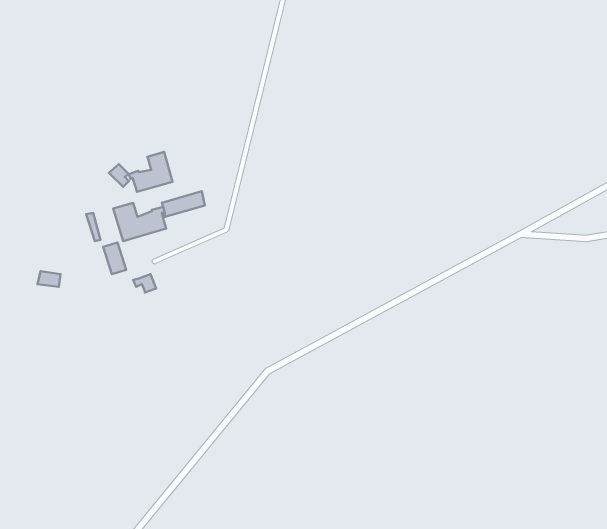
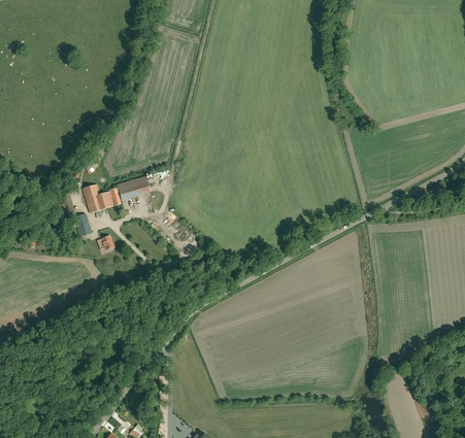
building: [129,152,172,192] -> none

